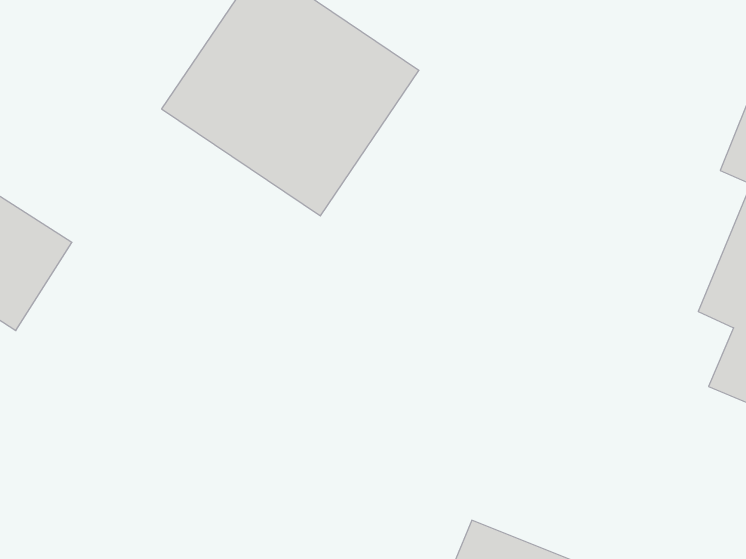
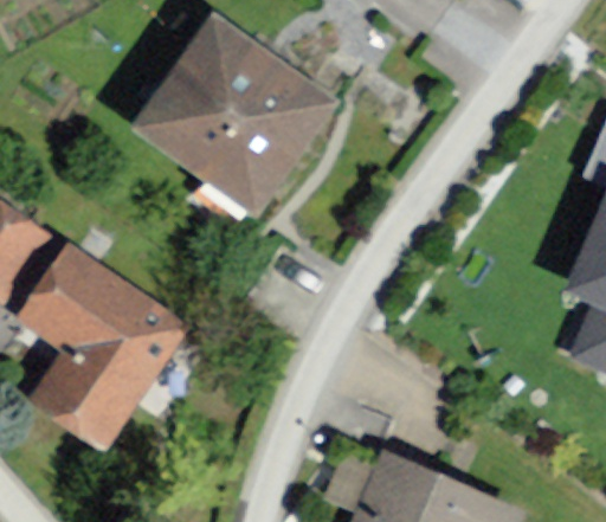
building: none -> [18,246,189,453]

